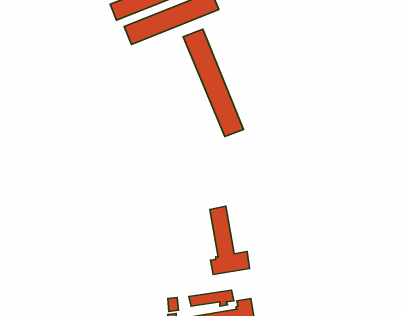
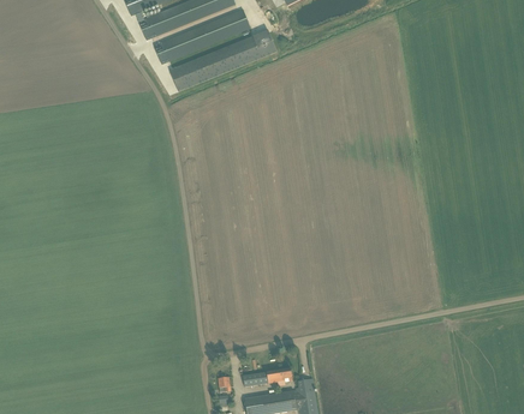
building: [183,29,243,136] -> none
building: [210,206,250,274] -> none

